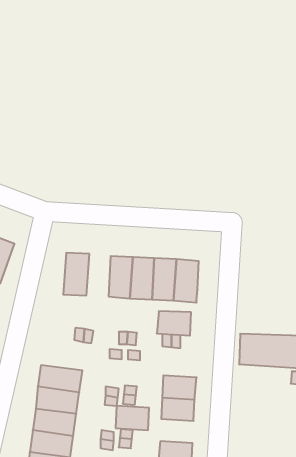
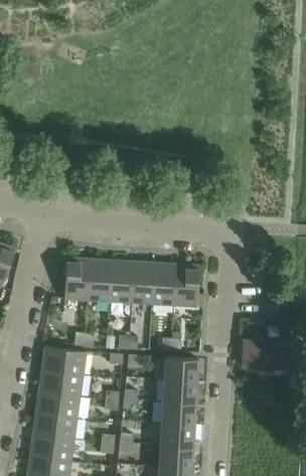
building: none -> [87,259,111,301]
building: [157,311,191,336] -> [163,357,197,381]
building: none -> [41,346,86,374]
building: [116,406,149,430] -> [160,423,193,447]

